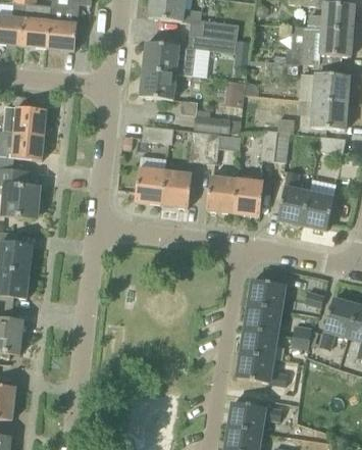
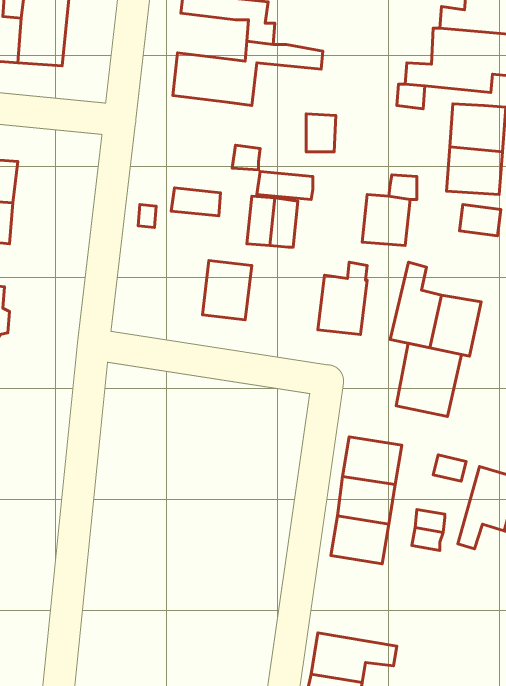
building: [140,68,176,99] -> none
building: [135,167,165,204] -> none
building: [206,177,237,213] -> none
building: none -> [396,343,461,416]
building: [237,353,287,386] -> none

